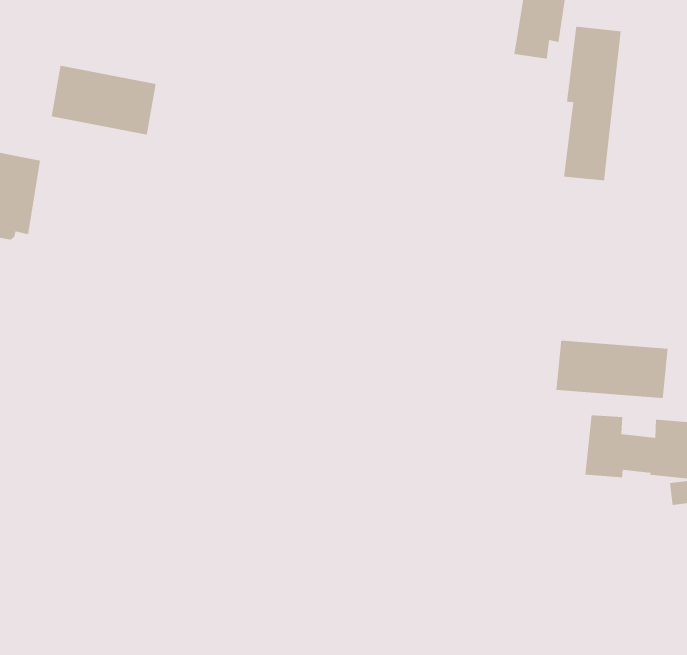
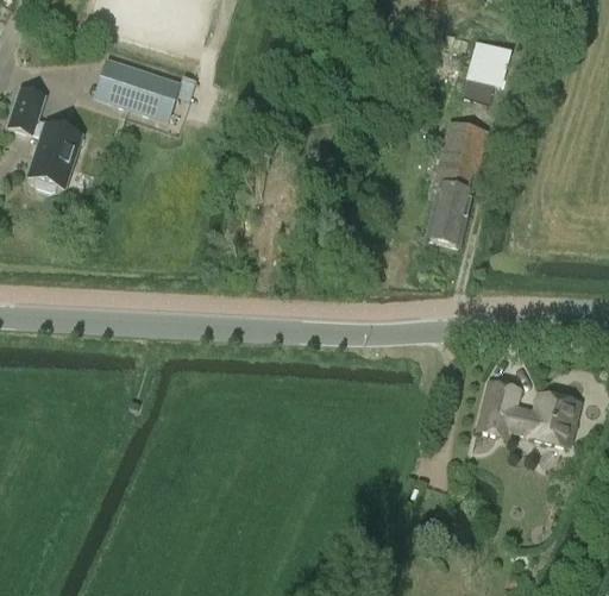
building: [563,26,622,181] -> [427,120,486,244]
building: [556,340,668,399] -> none

